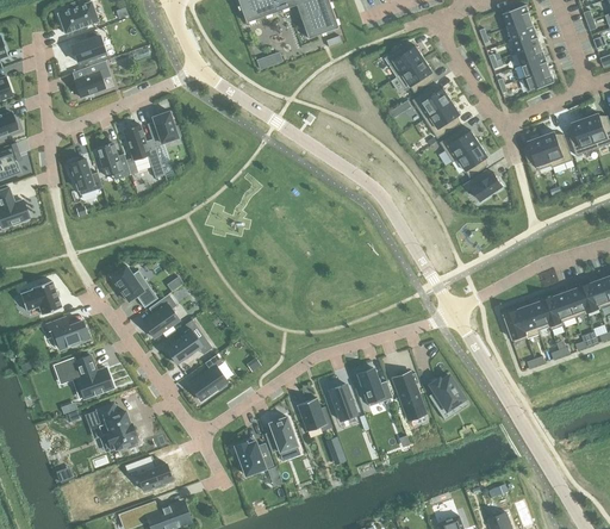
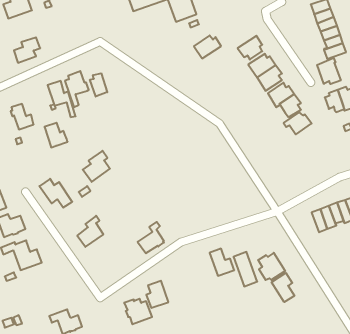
building: [68,35,105,64] -> none
building: [385,43,424,76] -> [194,35,221,58]
building: none -> [317,58,341,84]
building: none -> [90,73,107,97]
building: [95,142,129,178] -> [44,123,68,147]
building: [141,294,180,340] -> [83,151,110,182]
building: [188,355,226,400] -> [138,222,164,253]
building: [328,381,357,422] -> none
building: [297,397,332,431] -> none
building: none -> [272,273,294,302]
building: [85,404,136,449] -> none

